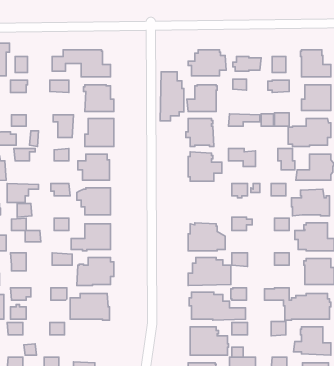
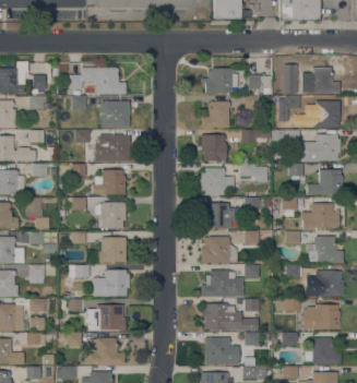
building: [160,72,184,121] -> none
building: none -> [204,203,234,229]
building: none -> [85,337,124,364]

